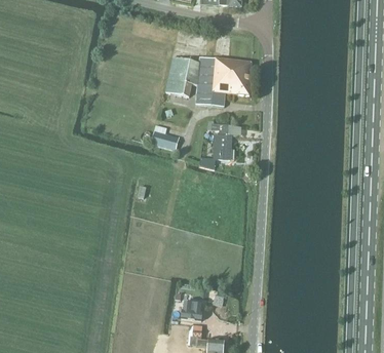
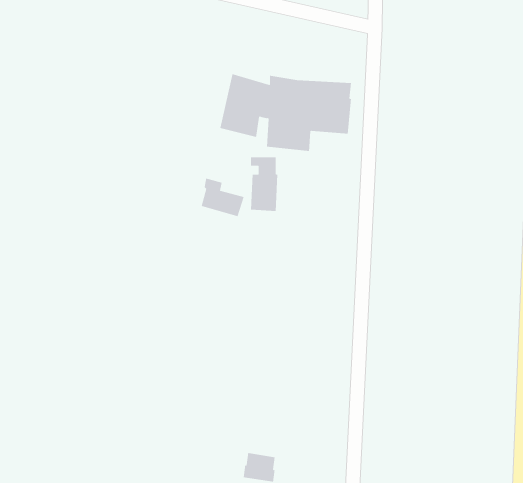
building: [214,124,232,160] -> [250,157,278,212]

